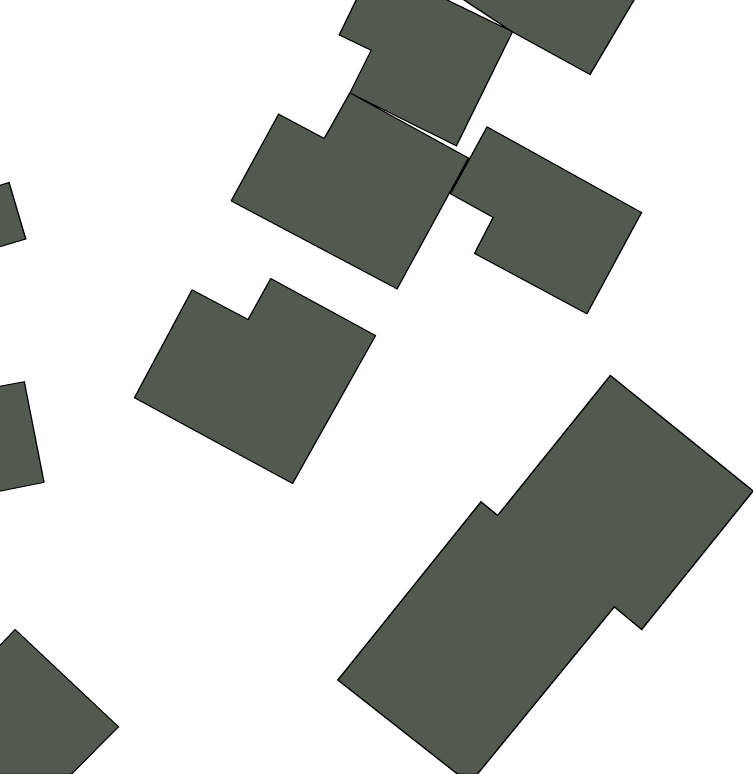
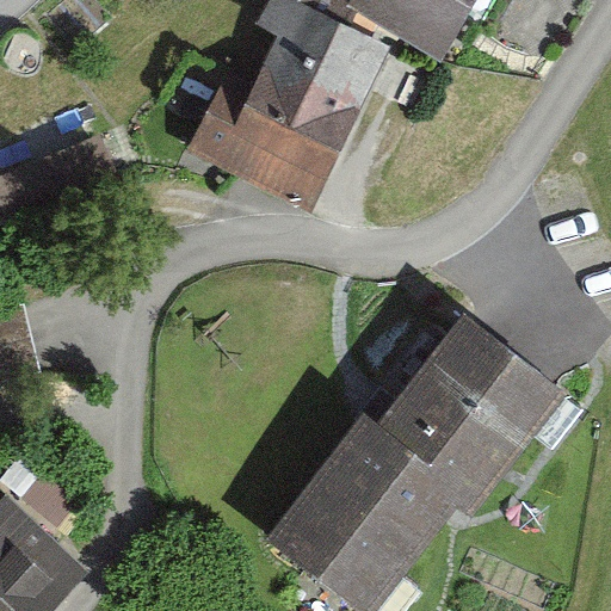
building: [451,127,642,314] -> none
building: [135,279,375,483] -> none

